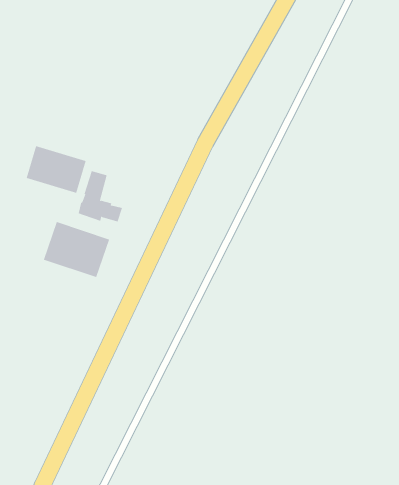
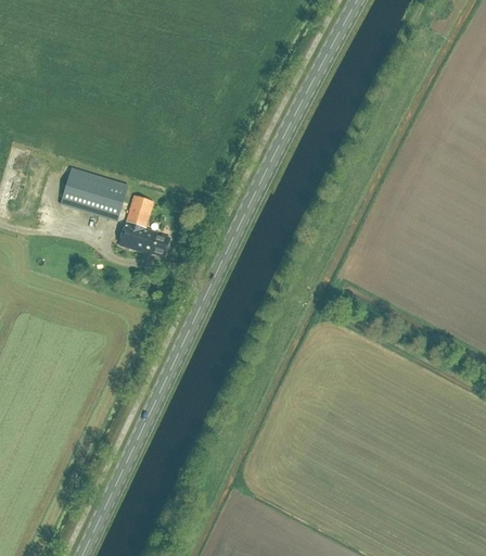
building: [43,221,110,278] -> none

